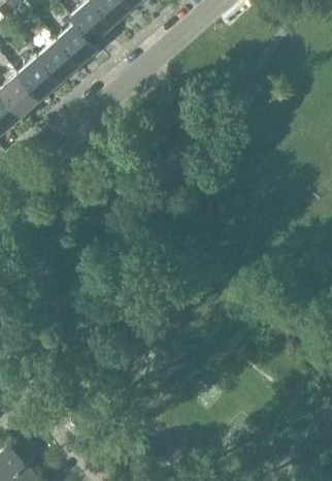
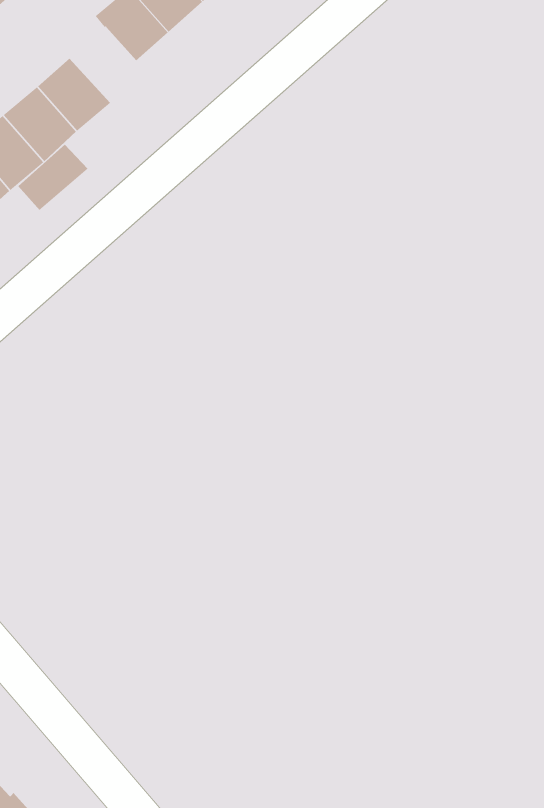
building: [55,23,98,66] -> none
building: none -> [17,144,88,211]

